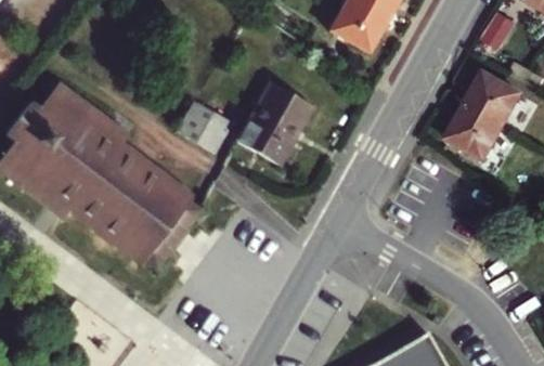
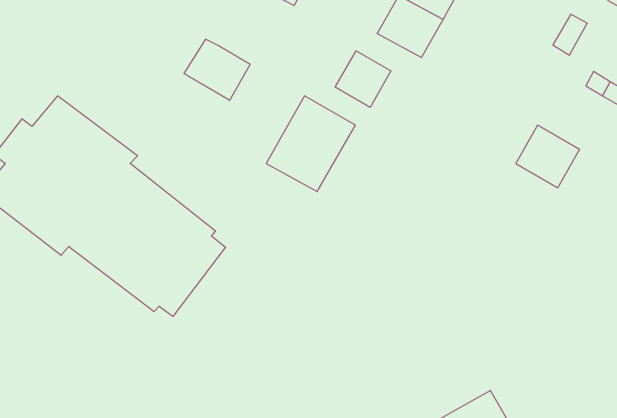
building: none -> [335,51,391,107]
building: [467,74,521,128] -> none
building: [176,101,232,153] -> [184,39,250,100]

